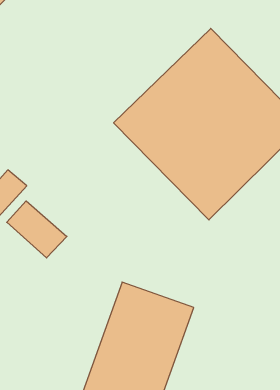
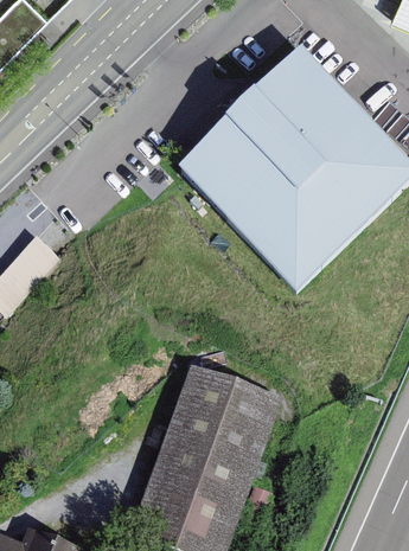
building: [7,201,67,258] -> none

